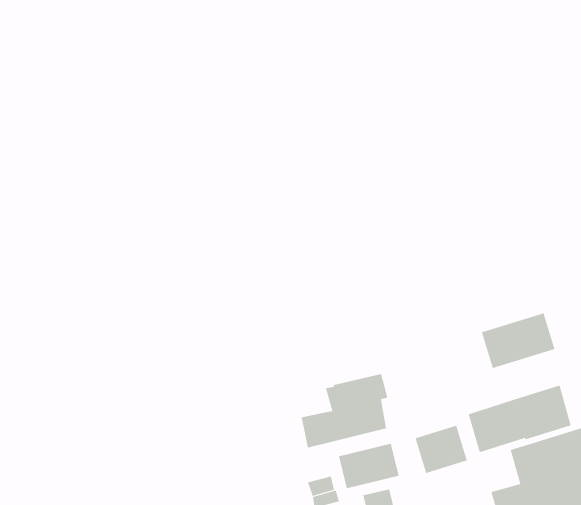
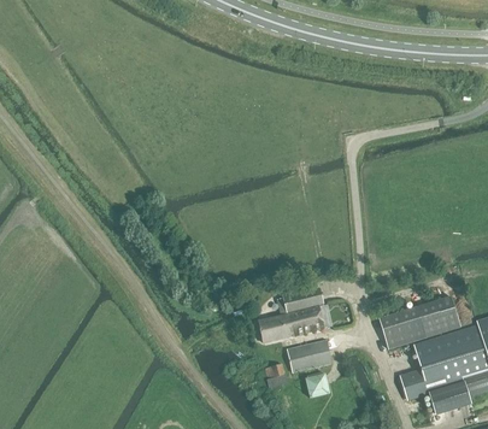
building: [481,312,555,369] -> none
building: [415,425,468,474] -> none

